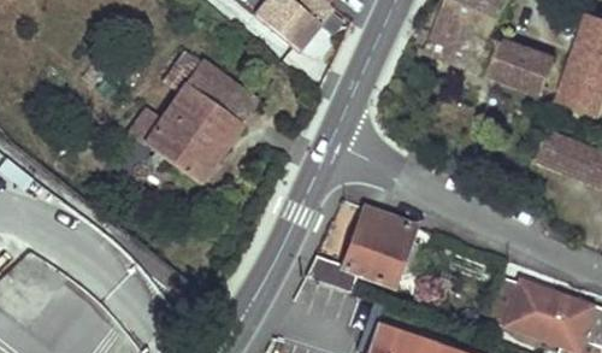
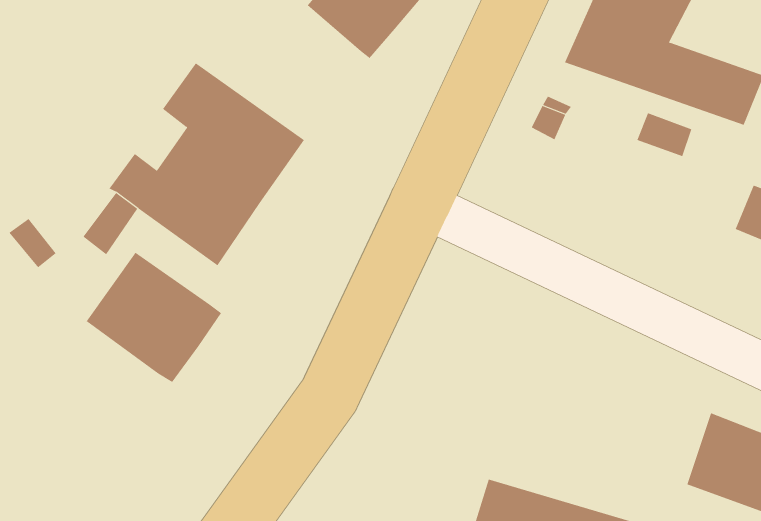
building: none -> [86,252,222,383]
building: [305,207,413,292] -> none

